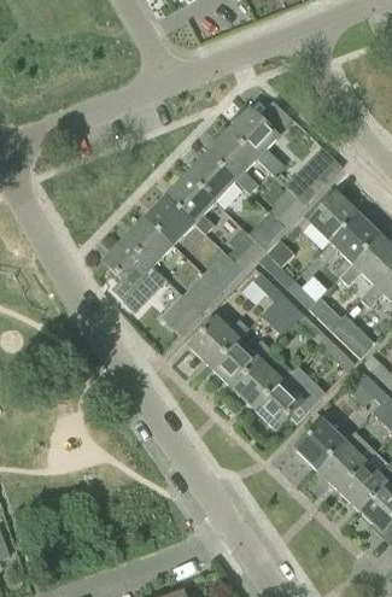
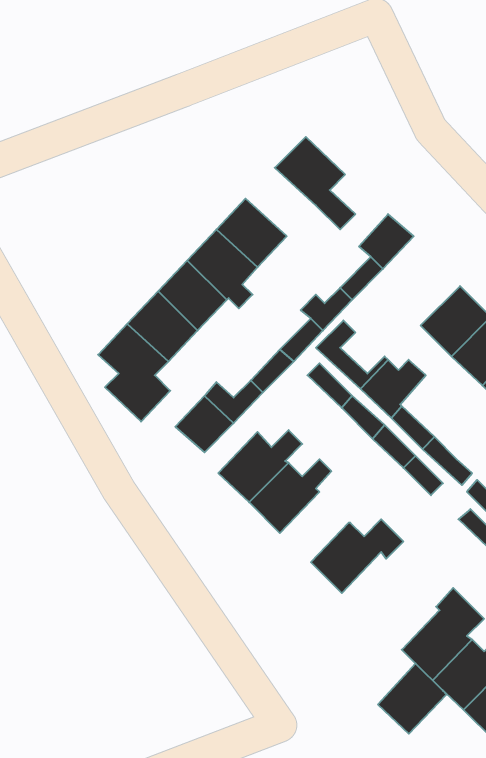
building: [207,133,257,191] -> none
building: [309,195,358,244] -> none
building: [232,361,291,410] -> none
building: [296,422,344,472] -> [378,663,446,734]

